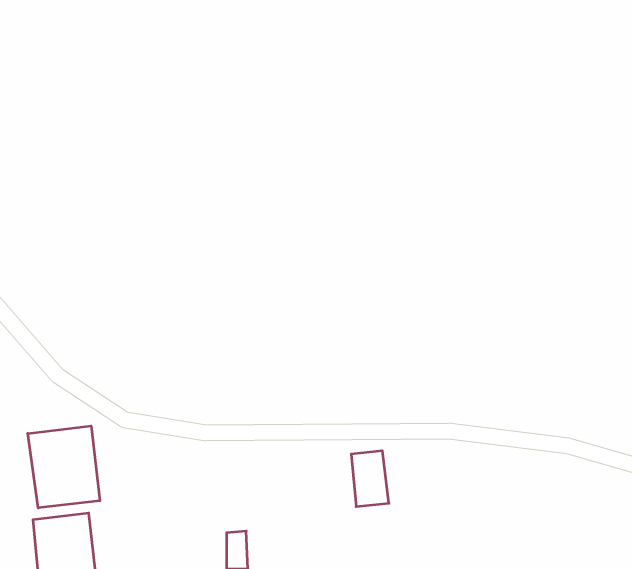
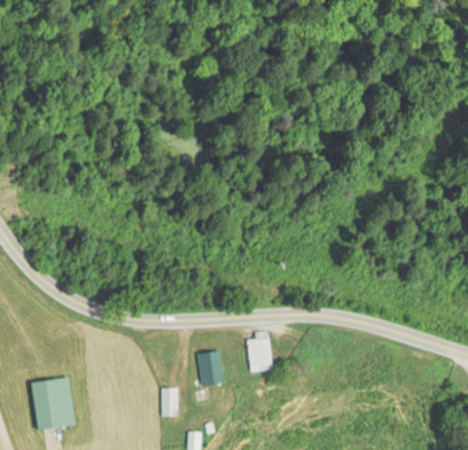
building: [28,426,100,508] -> none
building: none -> [197,350,224,385]

